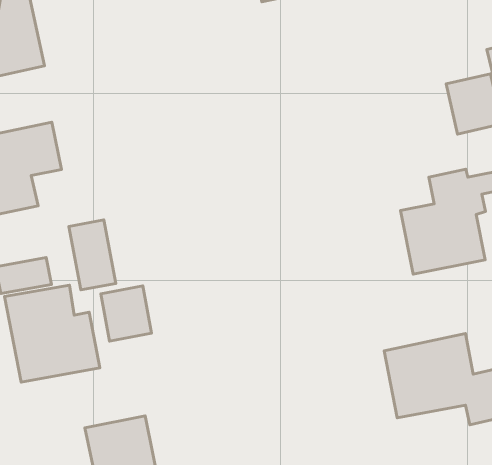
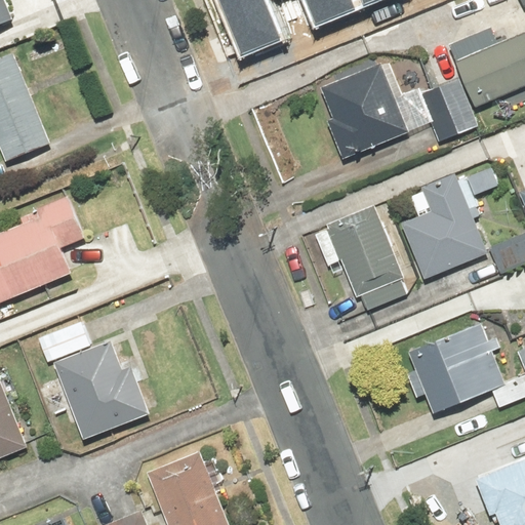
building: none -> [320,65,407,161]
building: none -> [312,206,410,311]
building: [69,220,116,290] -> none
building: [101,286,152,341] -> none

